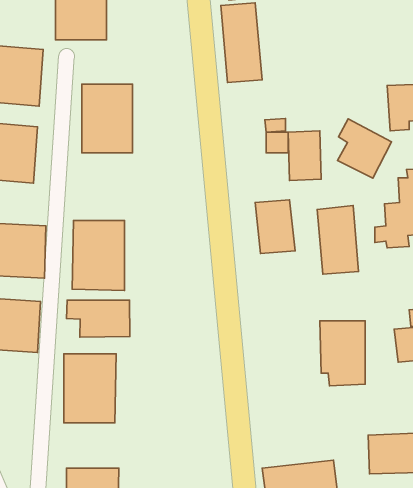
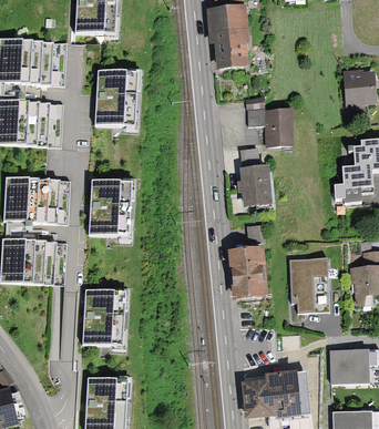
building: [338,119,392,178] -> none
building: [317,205,359,274] -> [231,244,264,299]
building: [67,300,130,337] -> none

